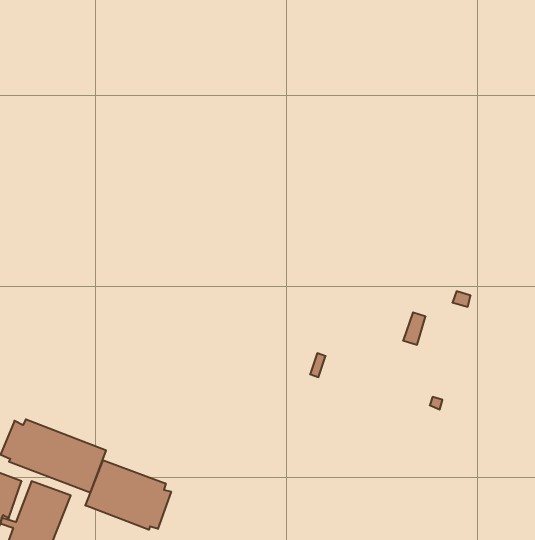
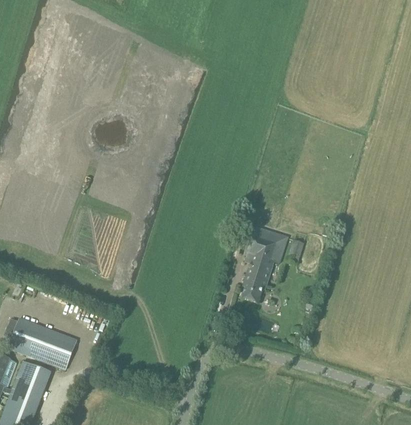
building: none -> [242,227,287,302]
building: [85,460,171,530] -> none

